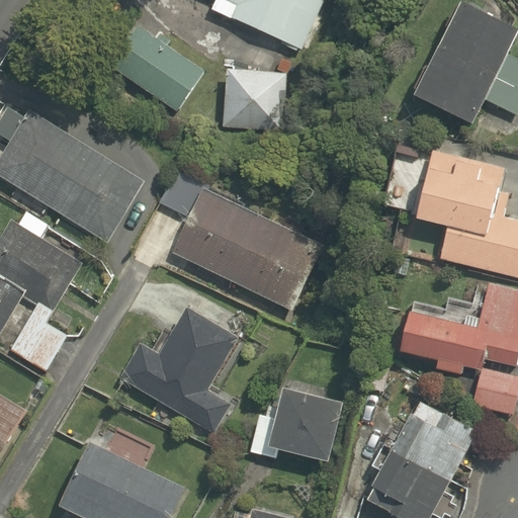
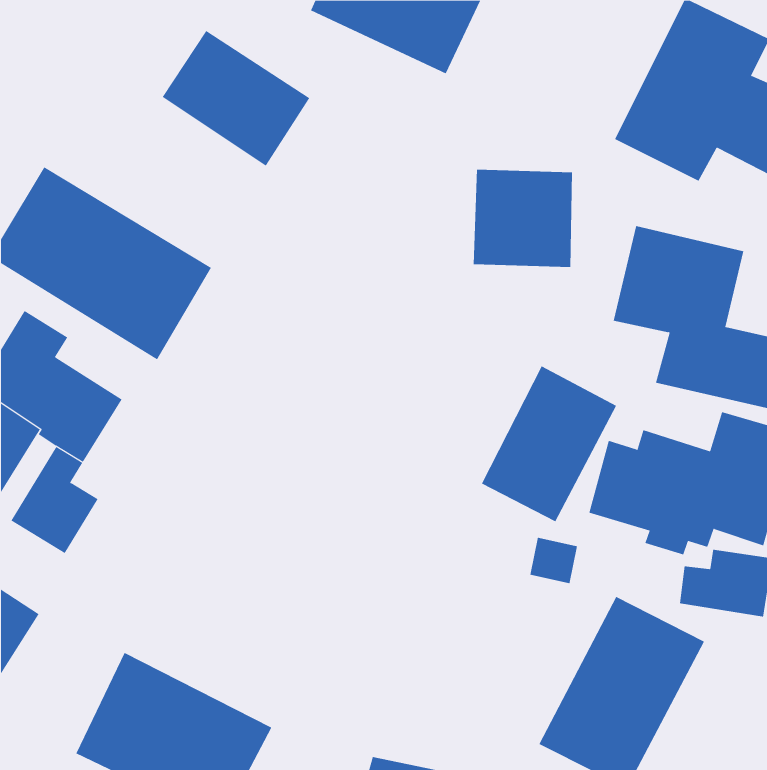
building: [221,67,287,133] -> [473,169,573,267]
building: [156,172,319,310] -> none
building: none -> [481,365,617,522]
building: [122,310,237,439] -> none
building: [250,384,340,458] -> none

